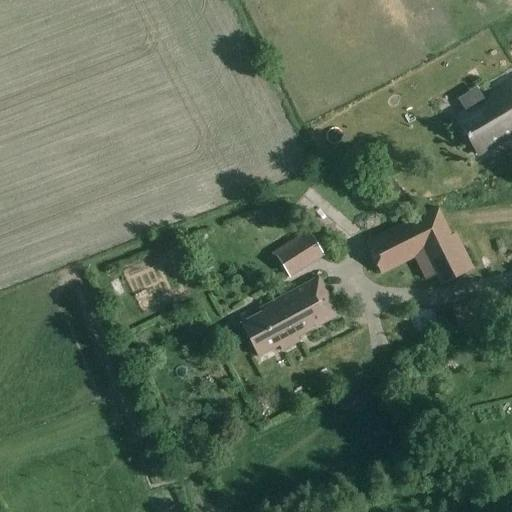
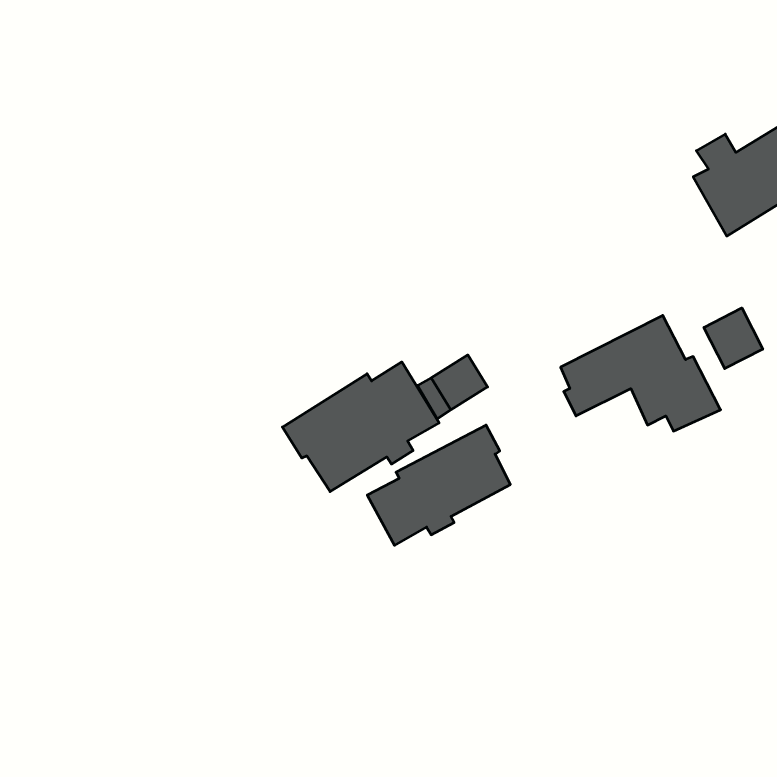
building: none -> [704,308,763,369]
building: none -> [282,362,439,492]

